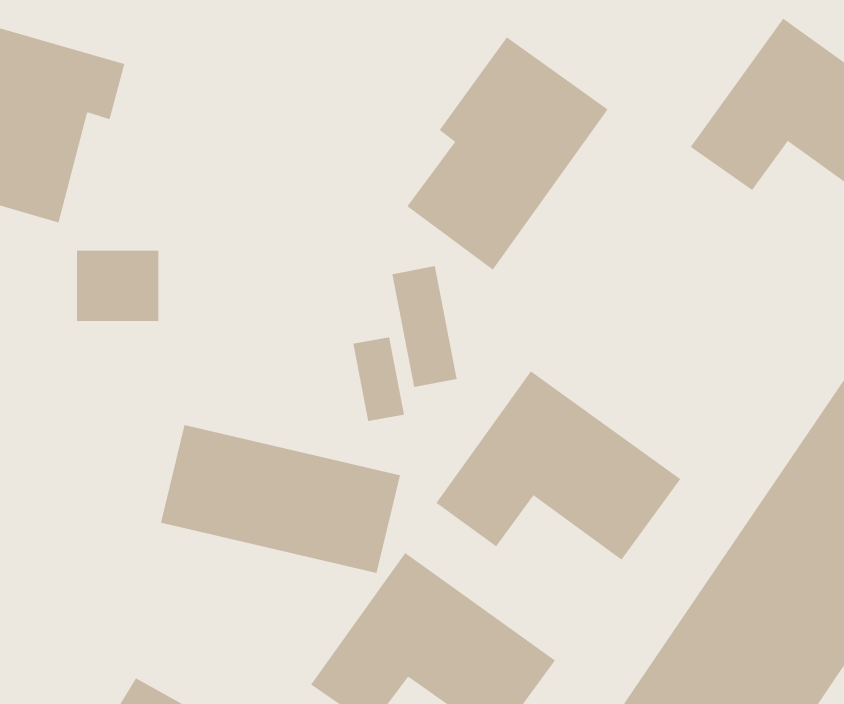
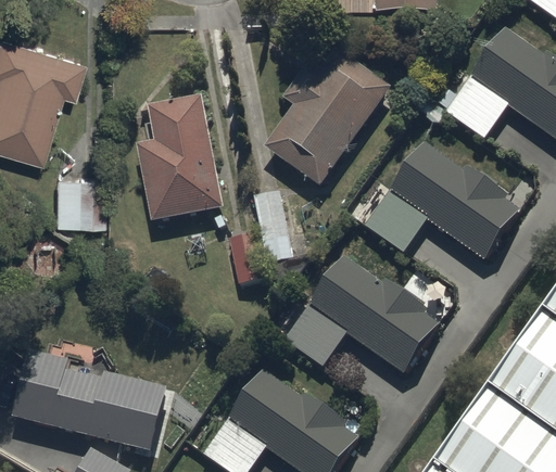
building: none -> [137,93,225,222]
building: none -> [364,139,522,260]
building: [160,424,401,574] -> [12,354,166,449]

